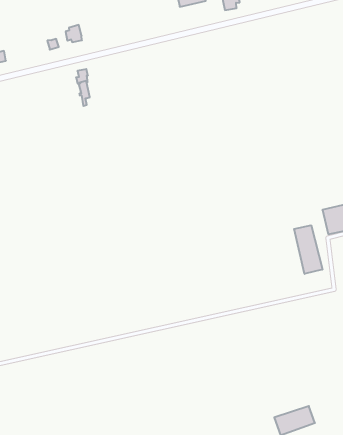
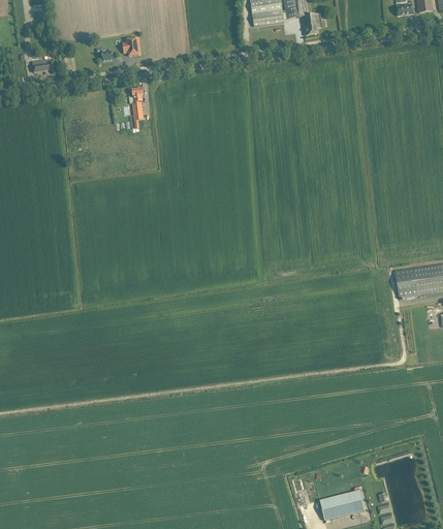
building: [294,225,322,274] -> none

